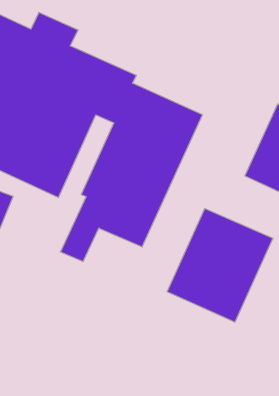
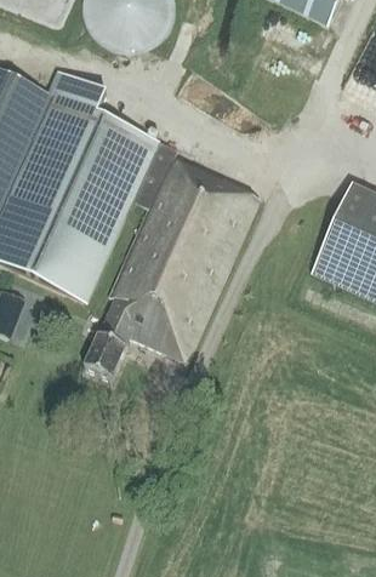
building: [167,209,273,322] -> none

